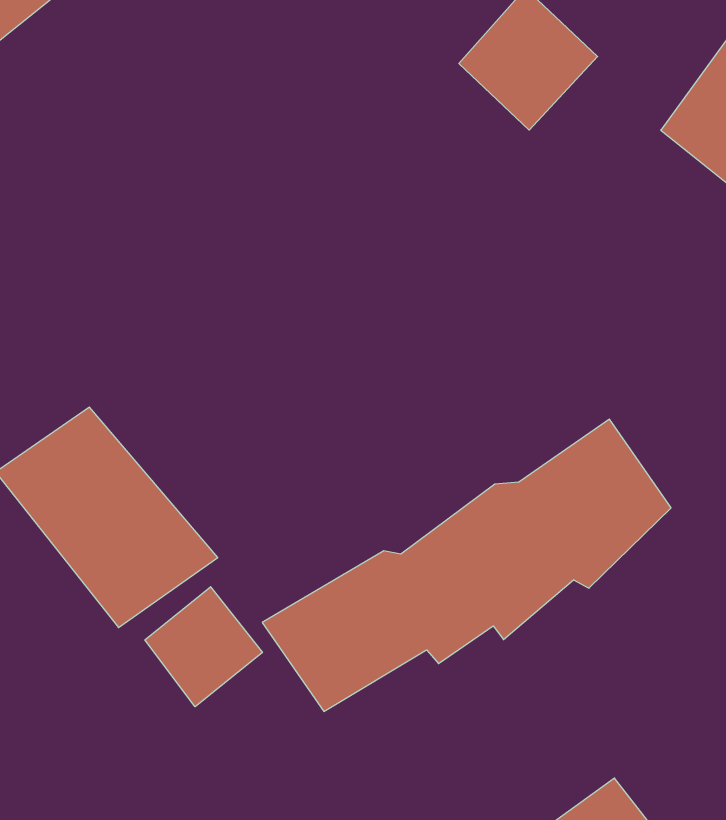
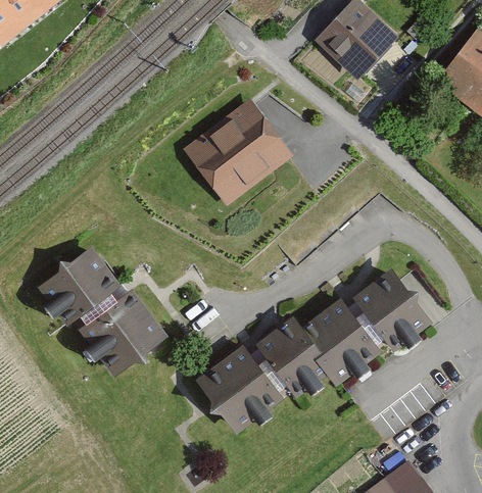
building: none -> [181,108,296,206]
building: [145,587,262,707] -> none

